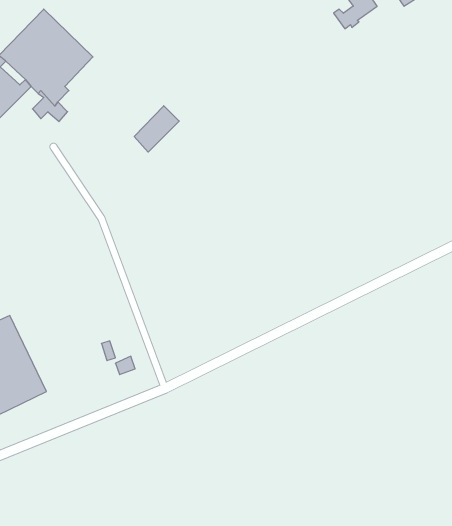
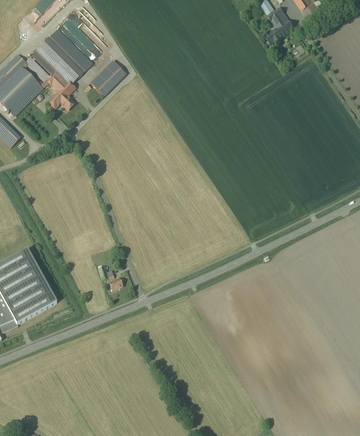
building: [134,106,179,152] -> [94,63,126,96]

